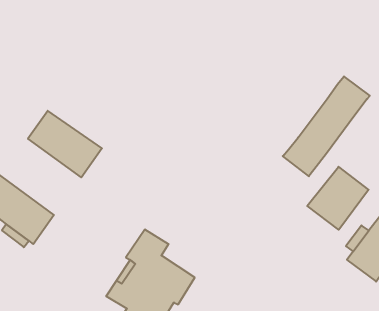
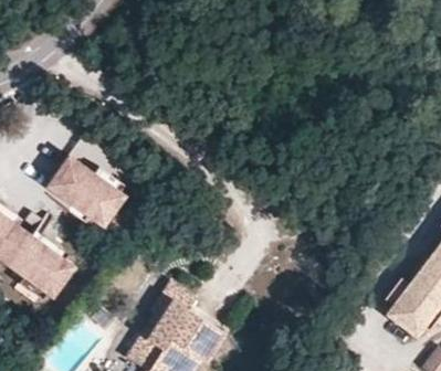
building: [283,76,370,176] -> none
building: [307,167,369,230] -> none

